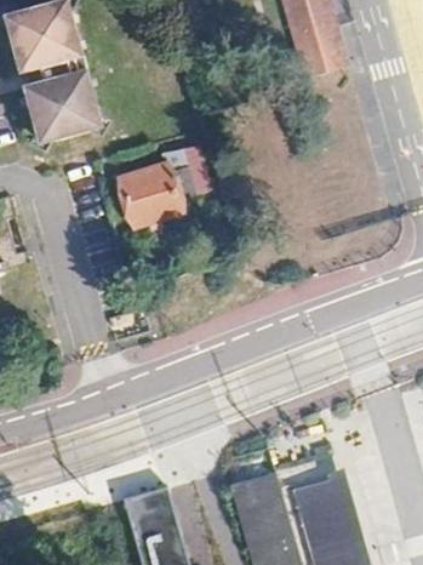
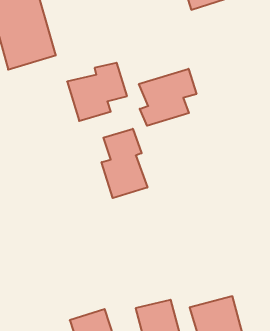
building: none -> [139,69,196,126]
building: none -> [102,129,147,198]

